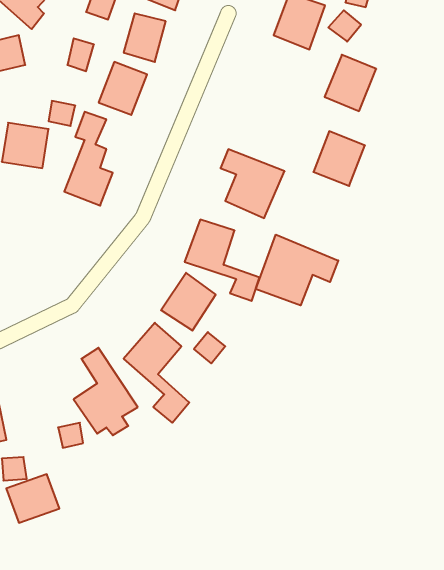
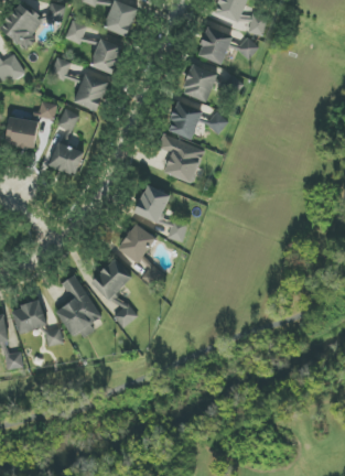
building: [325,55,376,111] -> [182,62,218,101]
building: [313,131,365,186] -> [166,100,203,139]
building: [256,235,338,305] -> none
building: [6,474,59,523] -> [11,299,48,333]

